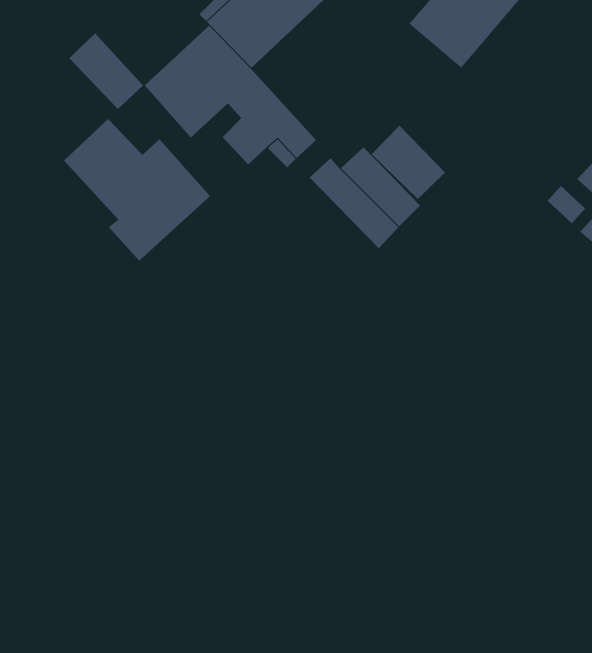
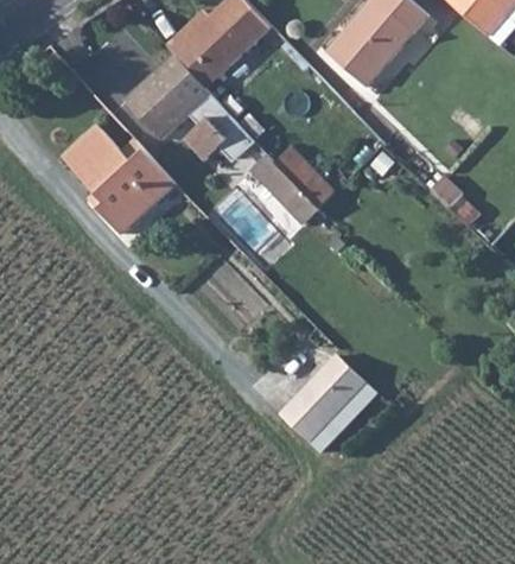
building: [69,33,144,110] -> none
building: [371,125,446,200] -> none
building: none -> [280,354,376,451]

